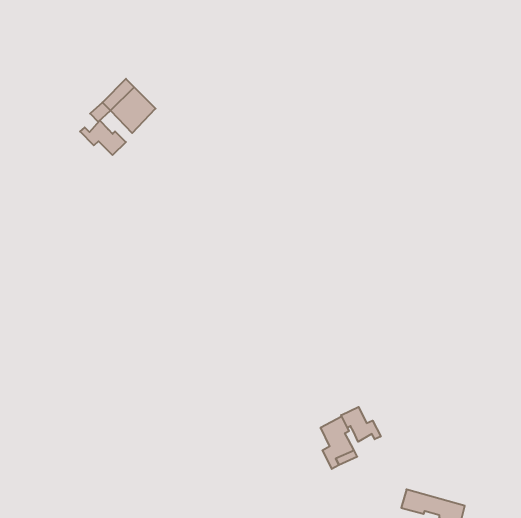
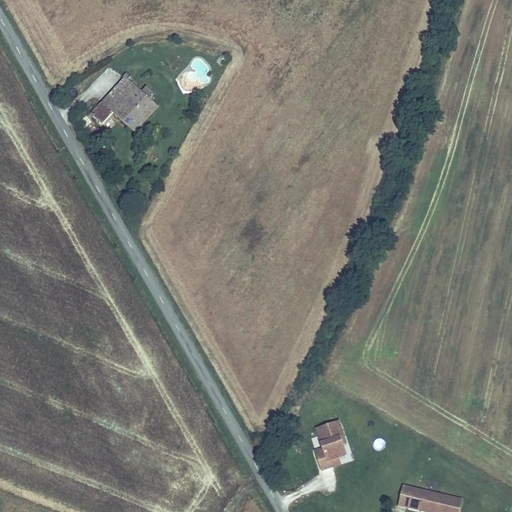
building: [80,120,126,155] -> none
building: [341,407,381,442] -> none

